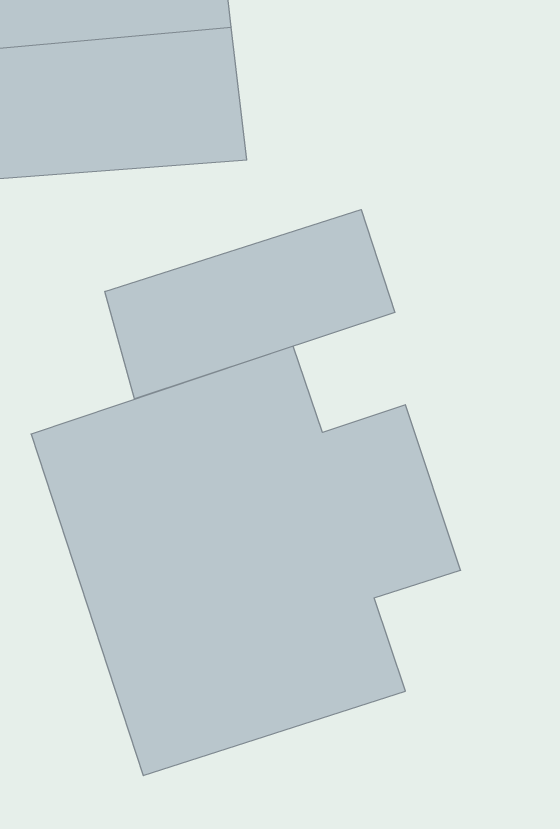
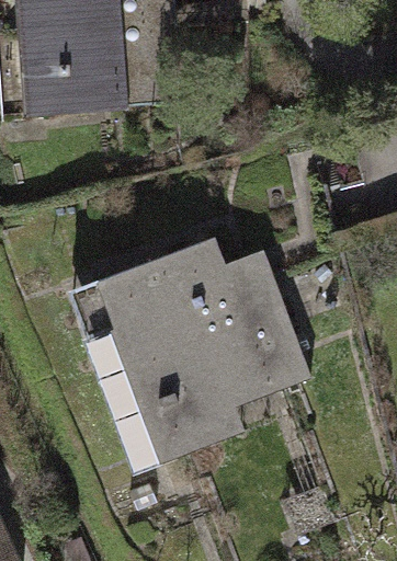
building: [105,210,395,399] -> none

